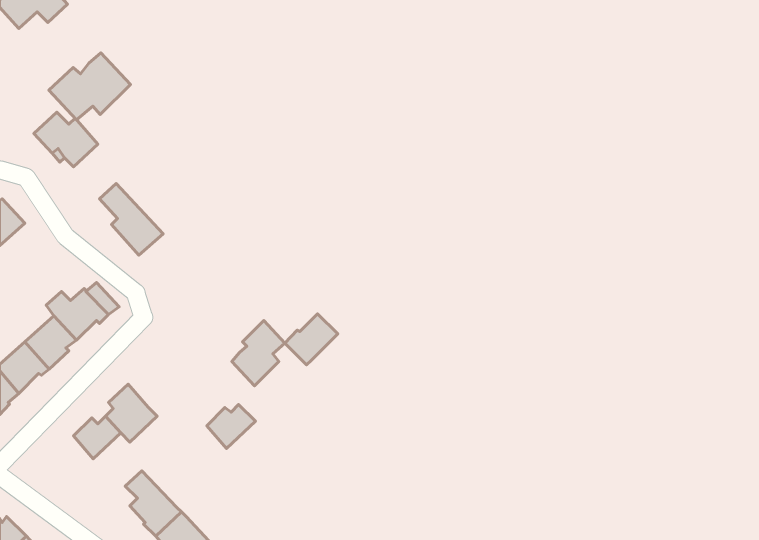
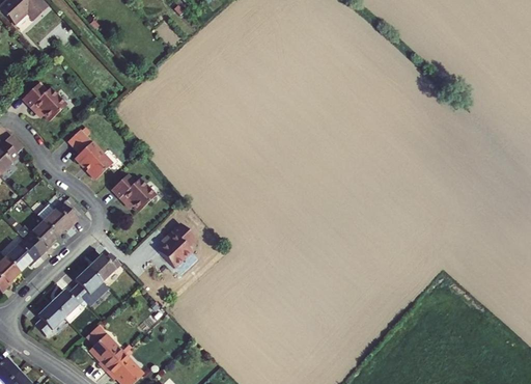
building: [49,53,130,120] -> none
building: none -> [110,176,152,213]
building: [285,314,338,365] -> none
building: [207,404,255,449] -> [88,252,121,282]
building: none -> [35,302,64,335]

